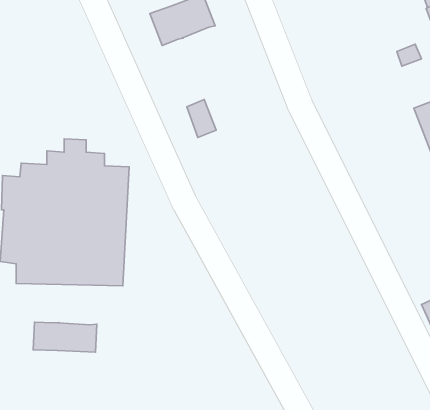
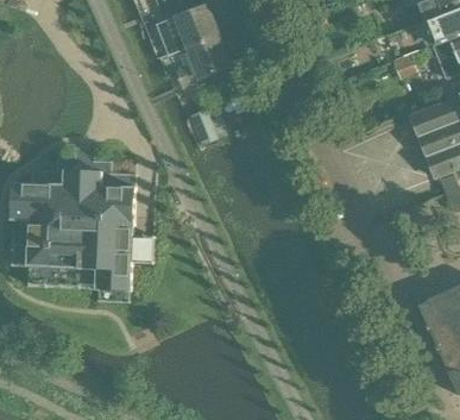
building: none -> [174,35,228,83]
building: [33,322,97,352] -> none

